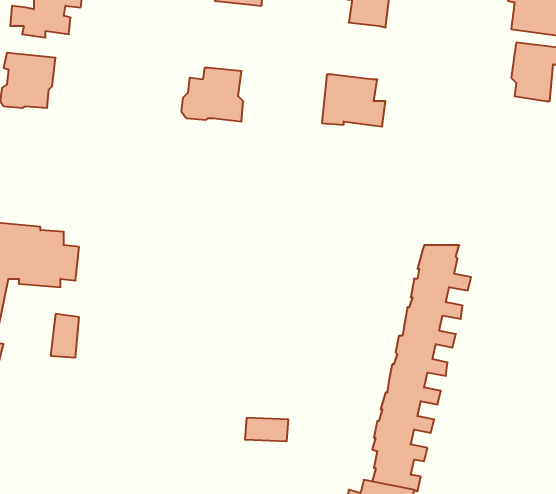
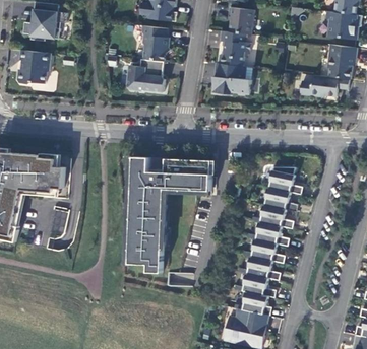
building: none -> [140,25,170,61]
building: none -> [218,30,250,66]
building: none -> [299,74,348,96]
building: none -> [129,156,211,272]

